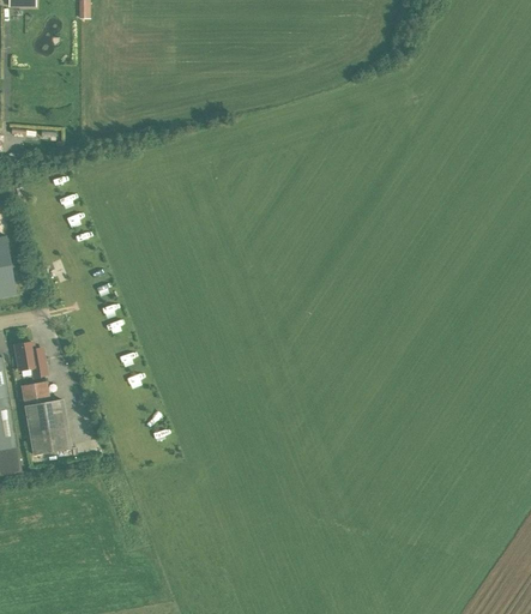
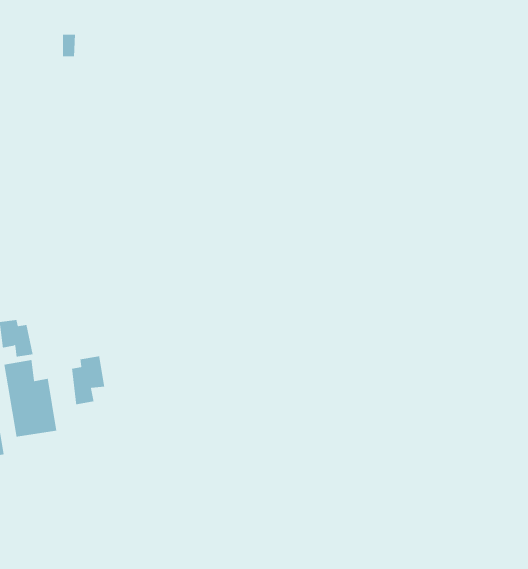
building: none -> [72,355,105,405]

